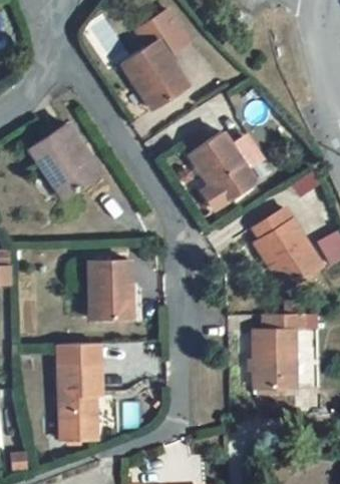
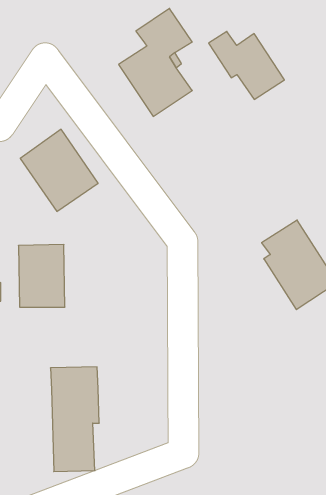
building: [183,133,253,196] -> [209,31,284,99]
building: [88,261,131,319] -> [18,245,65,307]
building: [254,315,304,389] -> none

